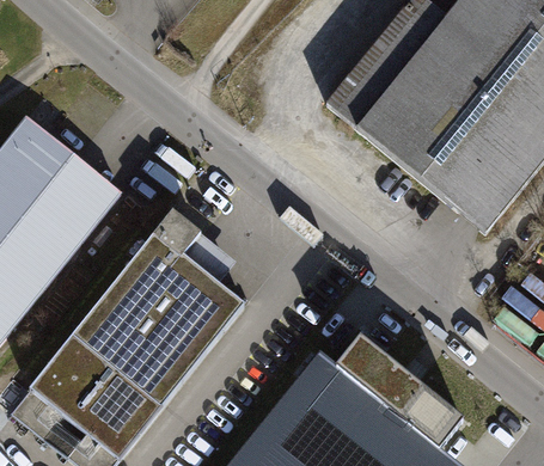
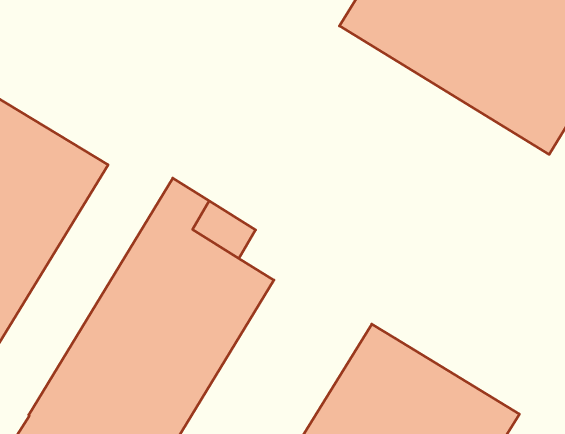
building: [338,338,463,448] -> none

